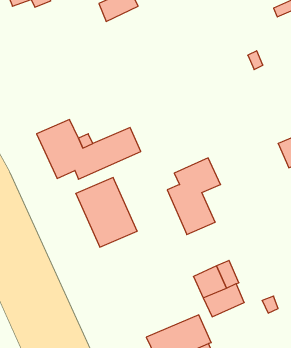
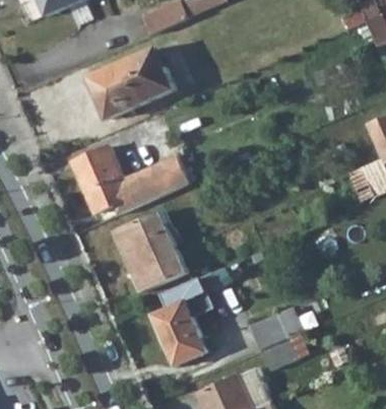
building: none -> [87,48,173,117]
building: [167,158,221,235] -> [151,278,212,365]

